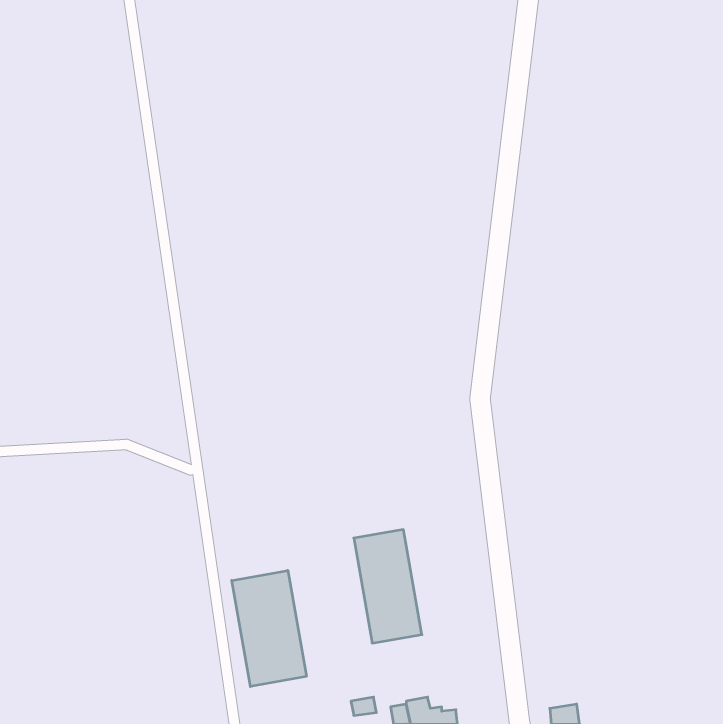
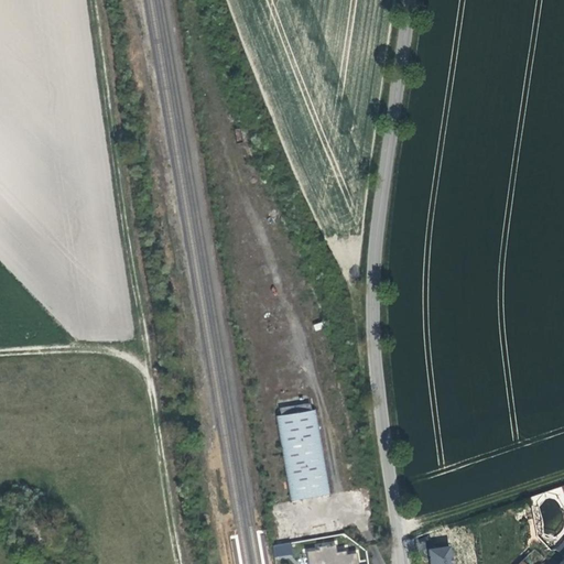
building: [232,570,306,687] -> none

